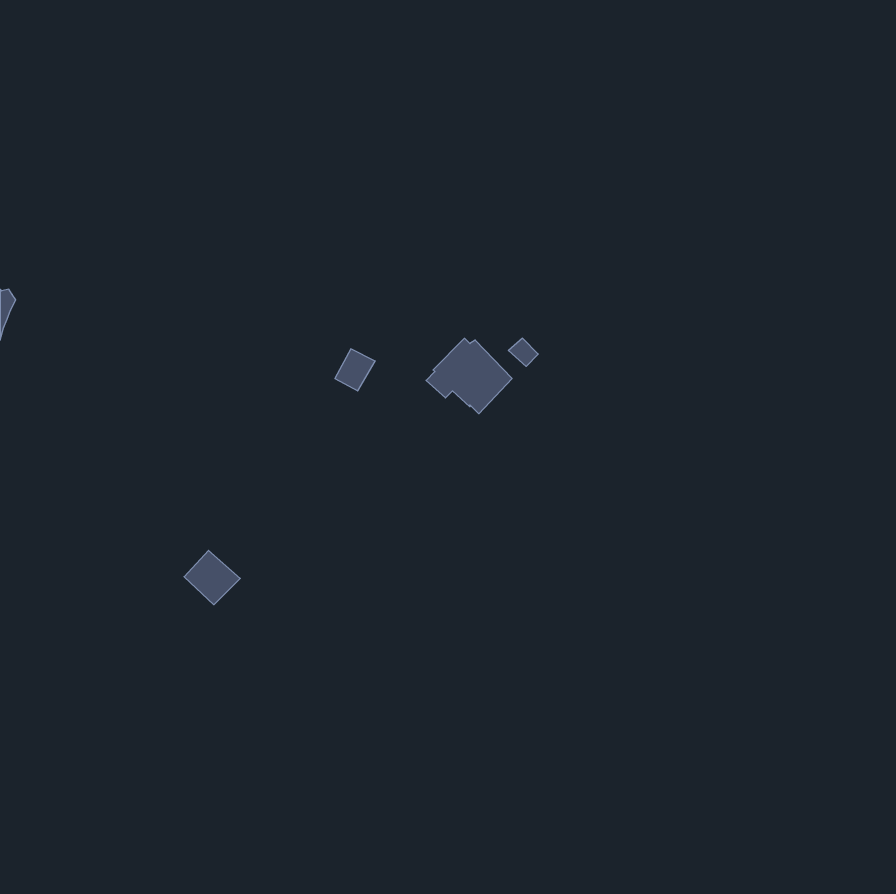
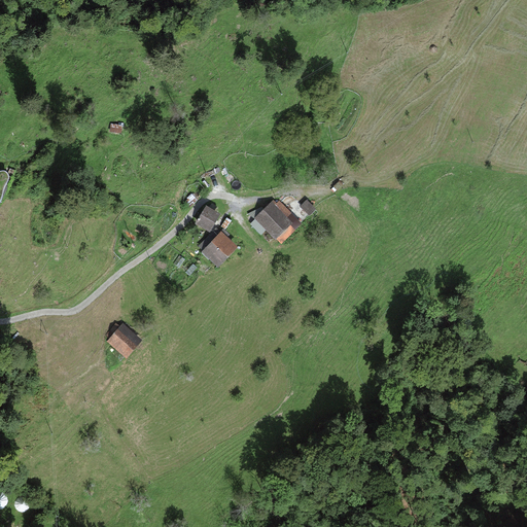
building: none -> [198,227,238,268]

